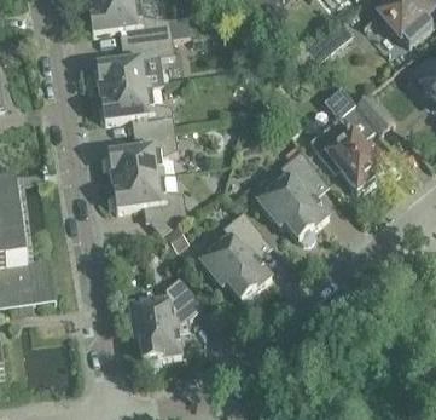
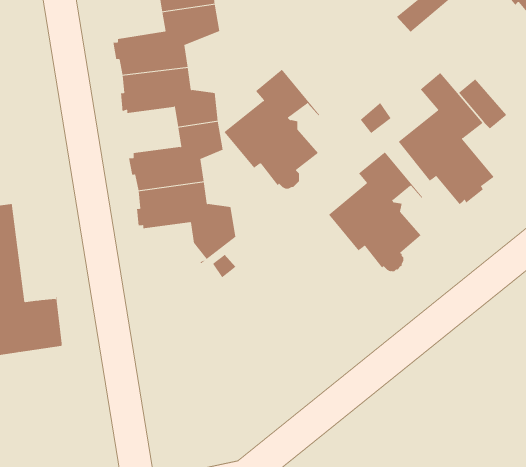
building: [199,209,273,301] -> [224,69,320,189]
building: [129,275,204,366] -> none

